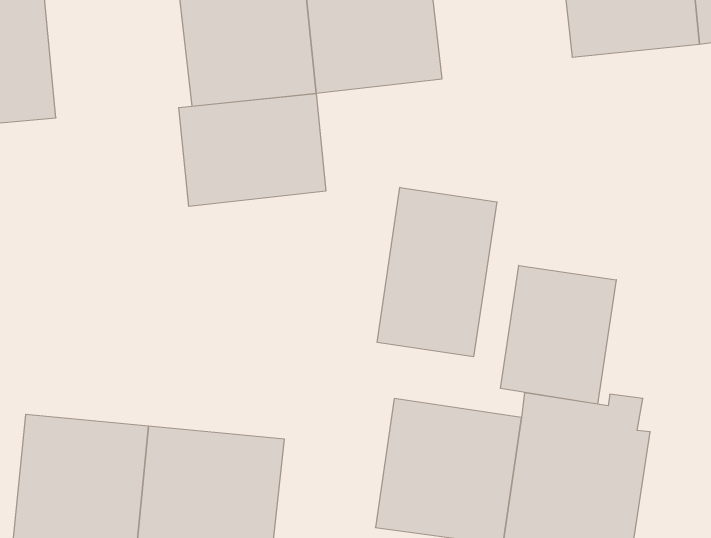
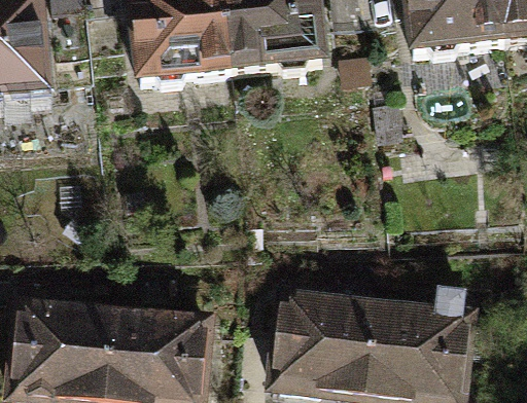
building: [179,93,326,206] -> none
building: [377,187,497,357] -> none
building: [501,265,616,404] -> none

